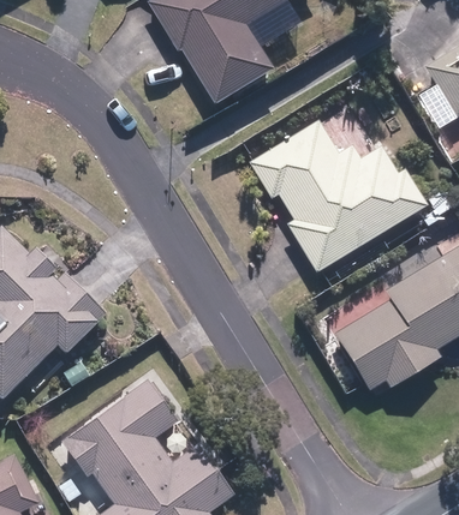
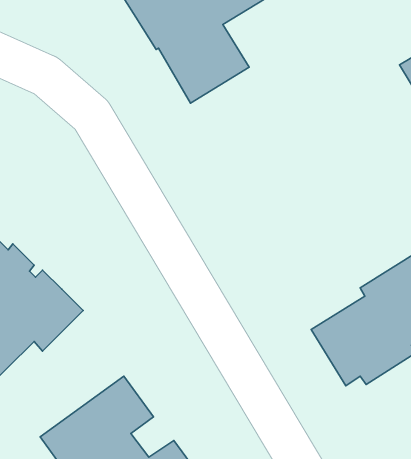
building: [249,120,427,273] -> none

